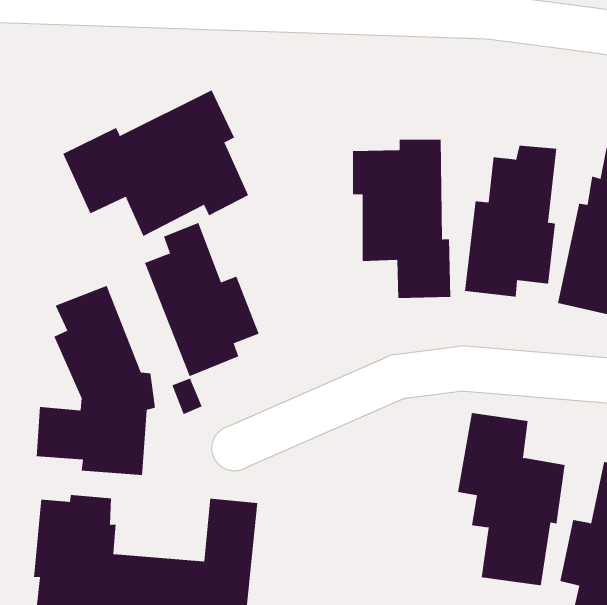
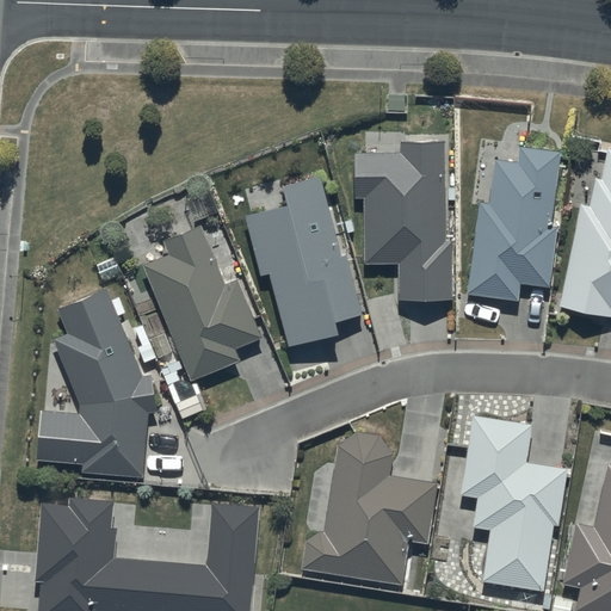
building: [63,90,249,237] -> none
building: none -> [246,178,360,345]
building: none -> [302,432,436,586]

